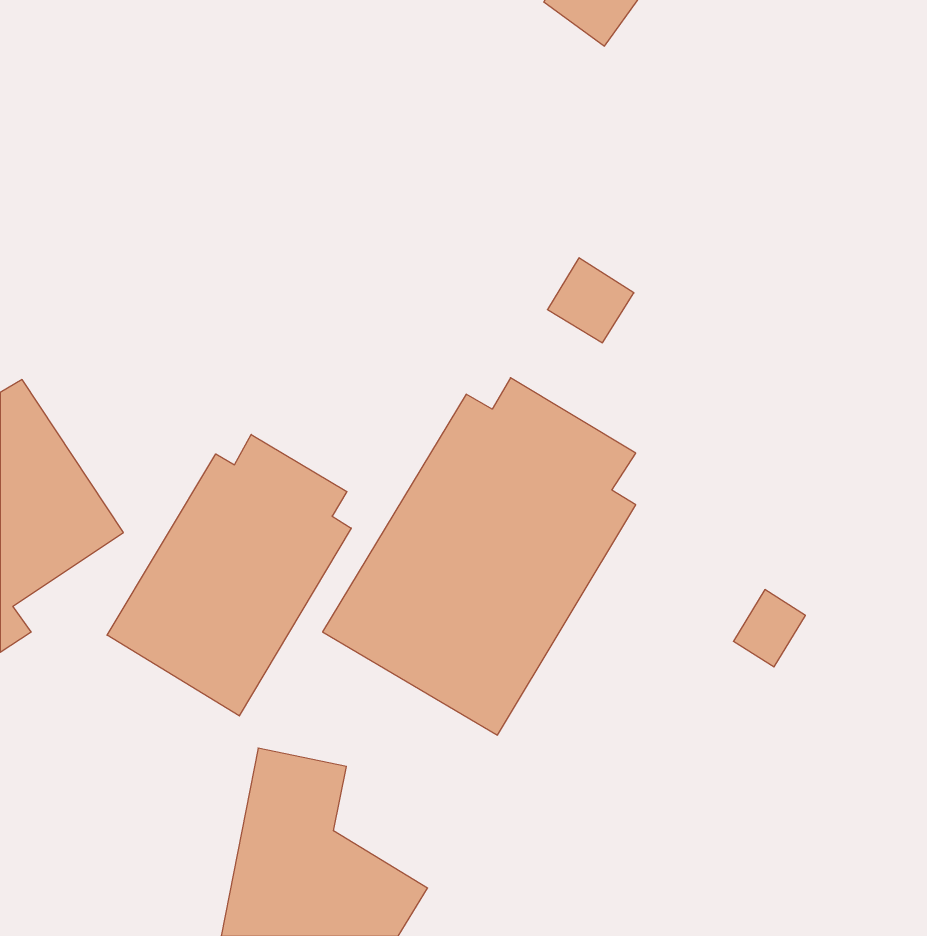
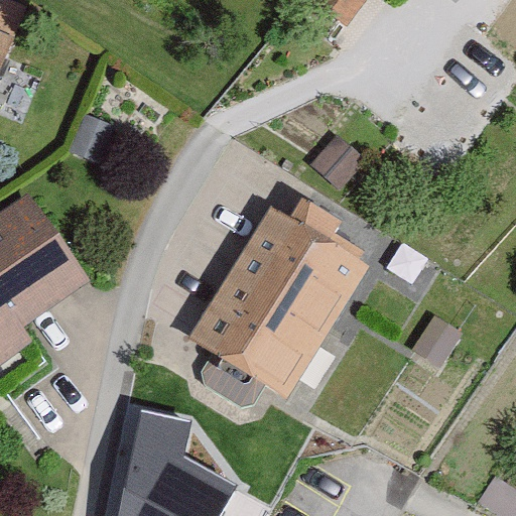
building: [107,434,351,716] -> none

